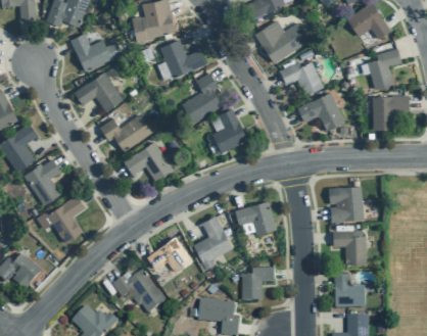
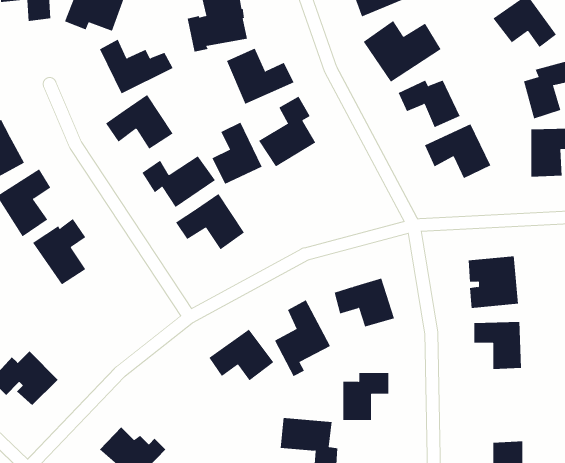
building: [212,108,248,152] -> [212,122,263,184]
building: [46,194,86,242] -> none
building: [111,270,164,313] -> none
building: [335,273,365,307] -> none

